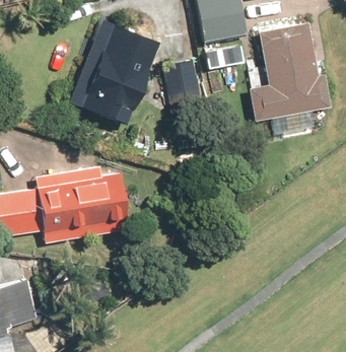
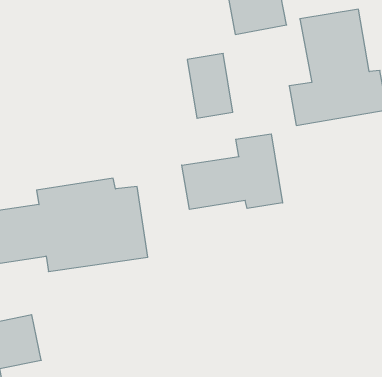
building: [67,19,159,126] -> none
building: none -> [182,134,283,209]

